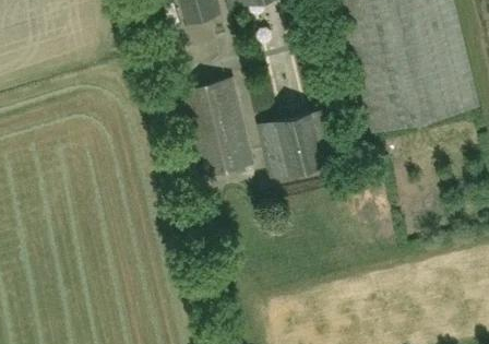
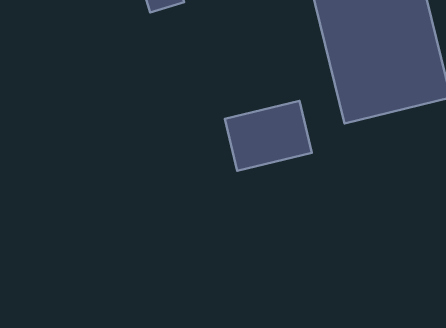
building: [180,80,253,176] -> none

